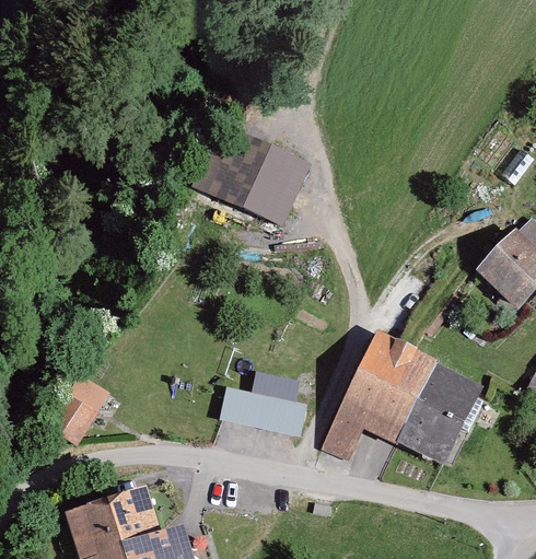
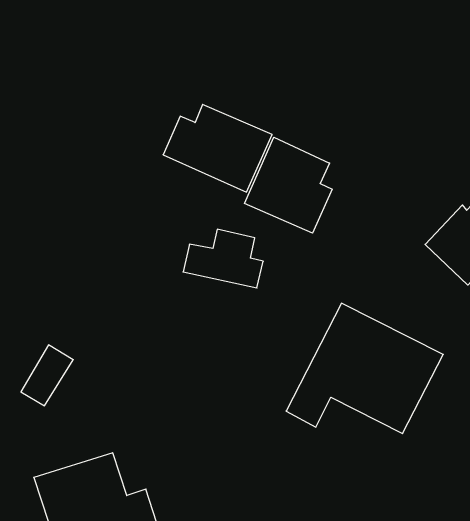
building: none -> [245,137,332,233]
building: [221,373,303,433] -> [183,229,263,288]

